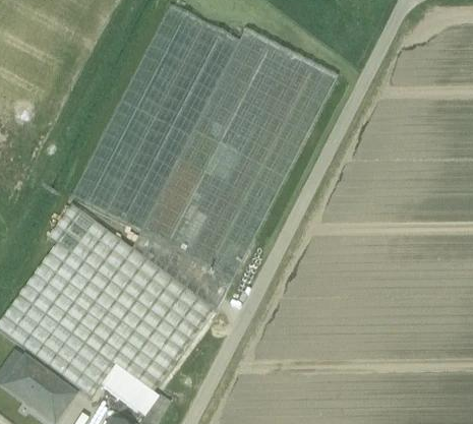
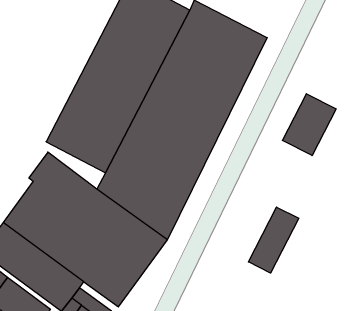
building: none -> [282,94,336,156]
building: none -> [248,207,299,273]

